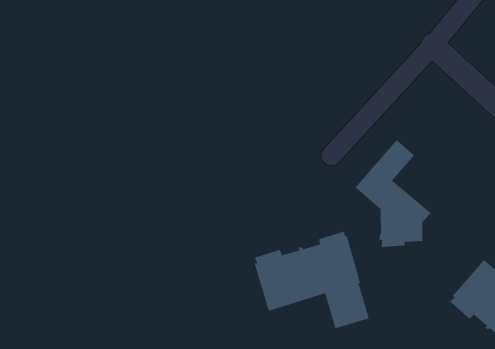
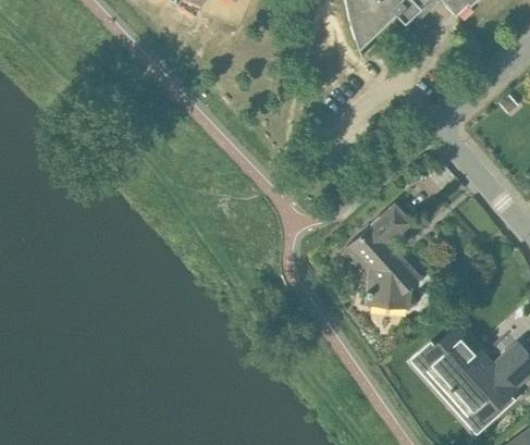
building: [253,231,370,329] -> none

